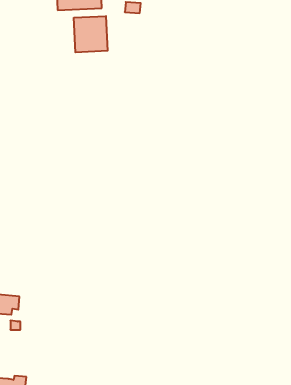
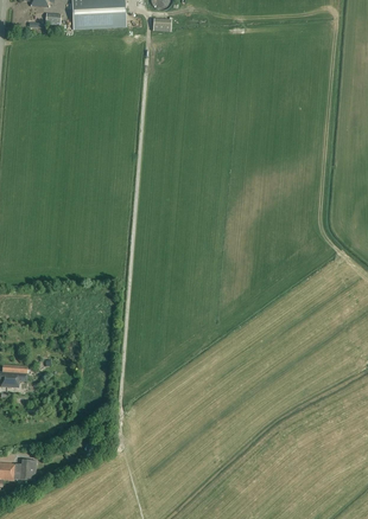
building: [74,16,108,52] -> none

